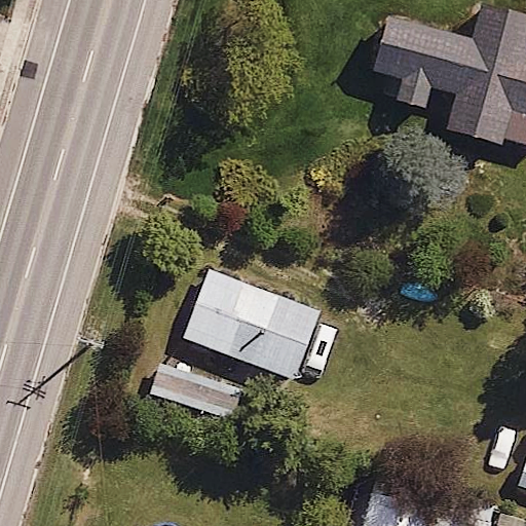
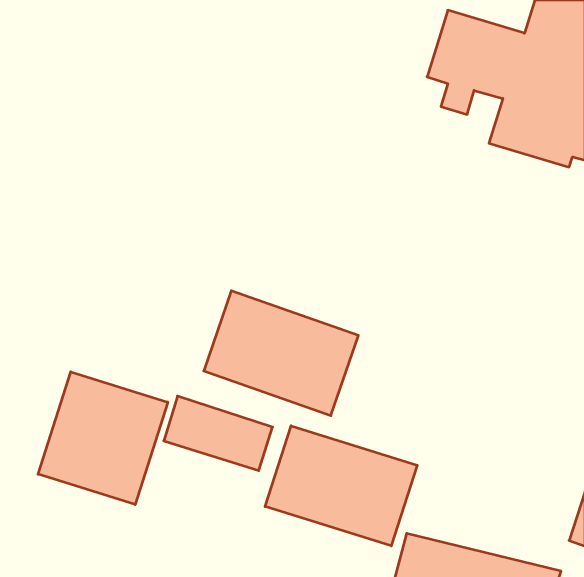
building: none -> [38,372,168,505]
building: none -> [265,426,417,546]

